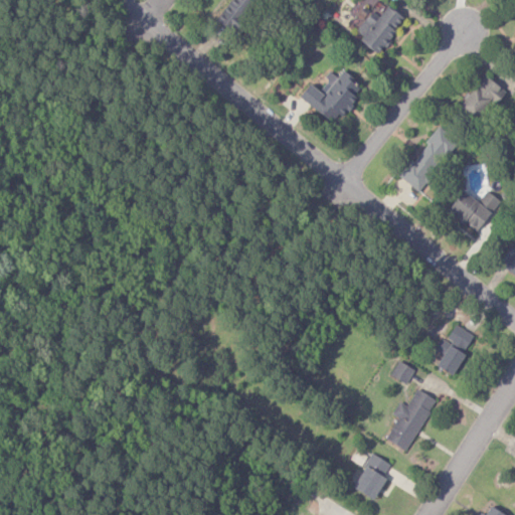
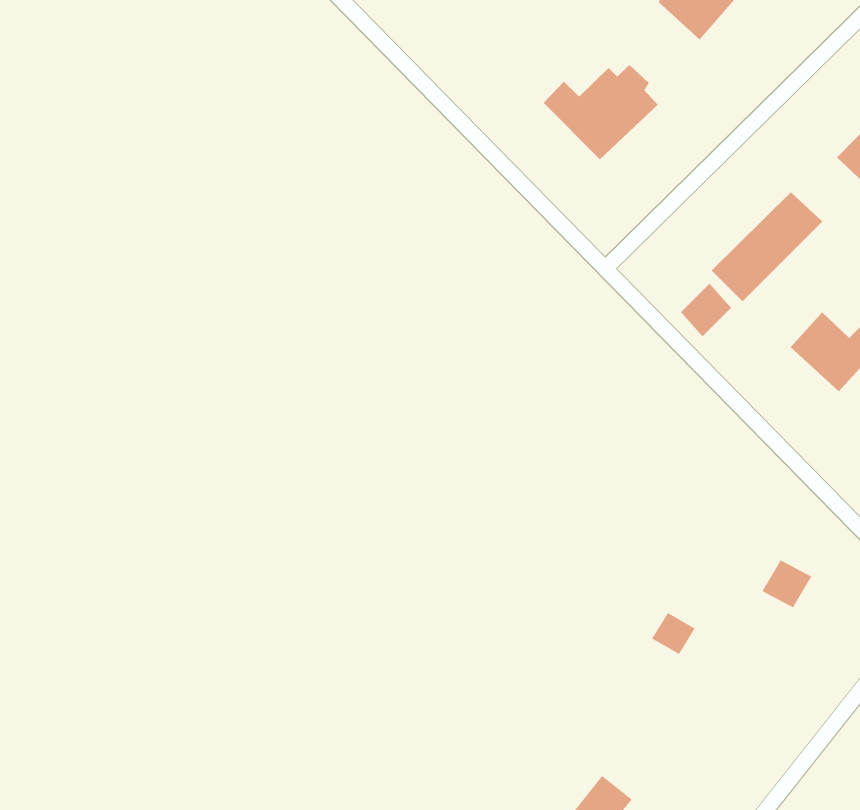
building: none -> [680,283,732,337]
building: [436,339,466,375] -> none
building: [386,388,437,452] -> none

